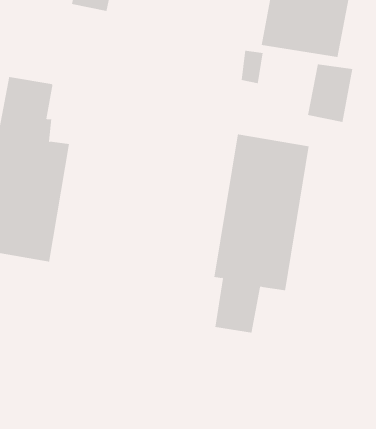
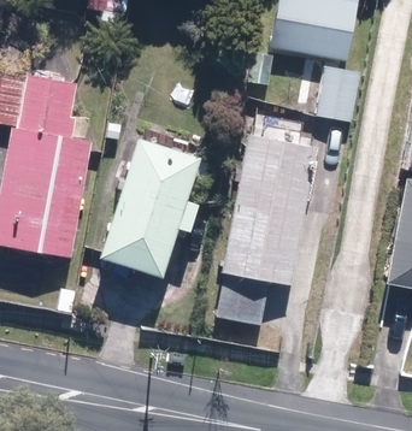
building: none -> [106,138,204,276]

